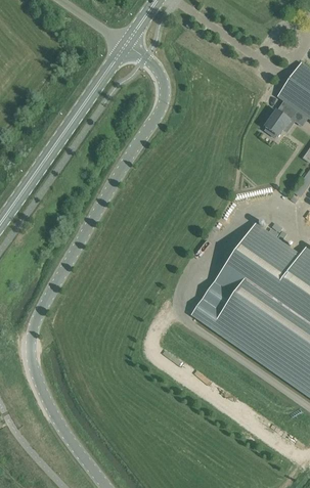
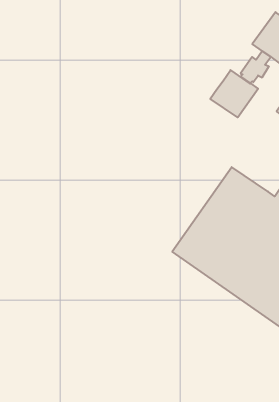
building: none -> [210,70,258,117]

